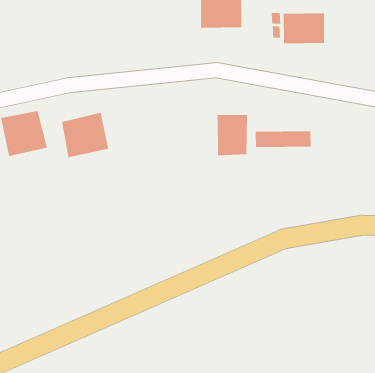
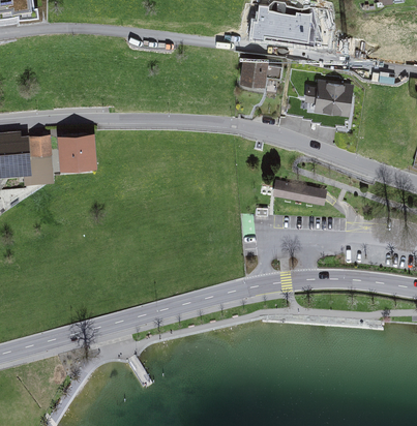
building: [61,112,109,158] -> none
building: [217,114,248,156] -> none

